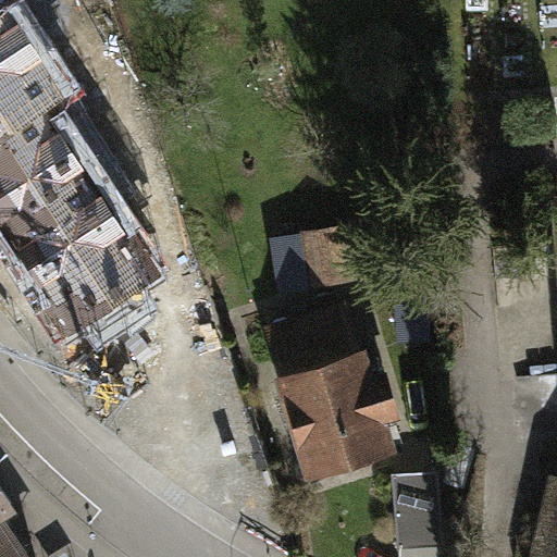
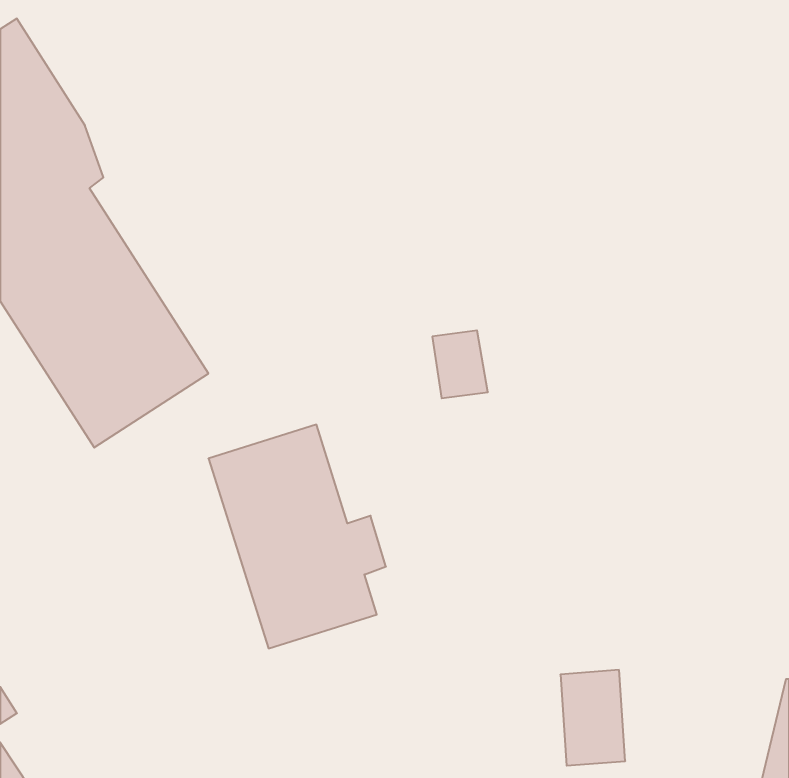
building: [270,318,395,475] -> [208,425,386,648]

